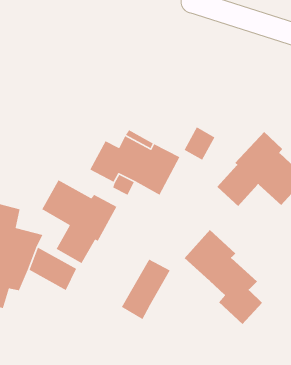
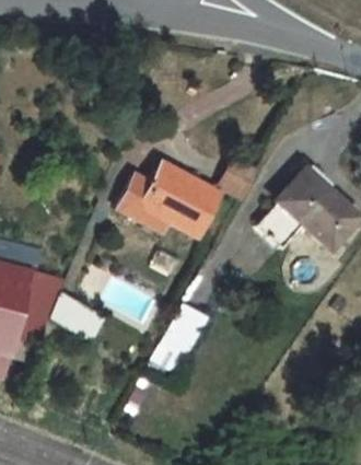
building: [41,179,117,264] -> none
building: [184,229,263,325] -> none

